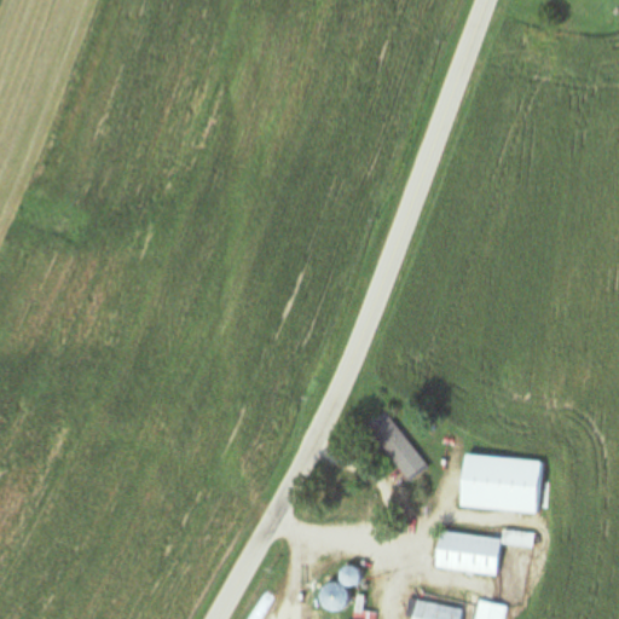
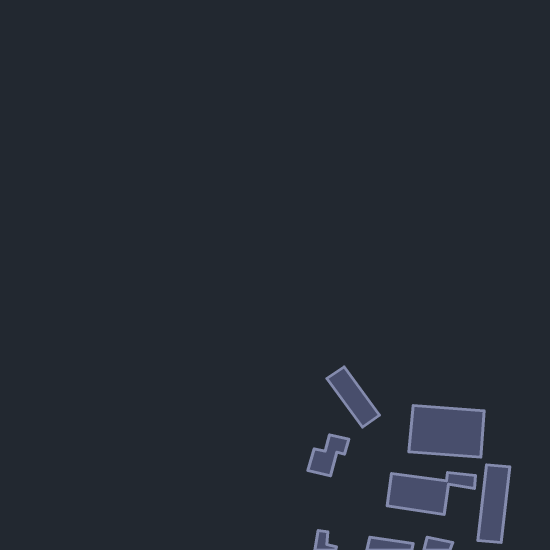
building: none -> [478,465,510,543]
building: [318,566,364,612] -> [308,435,349,476]

